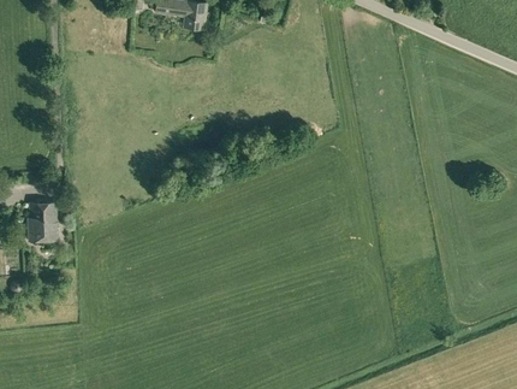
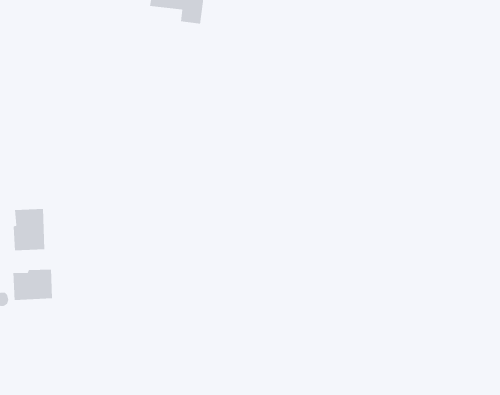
building: none -> [13,269,53,301]

